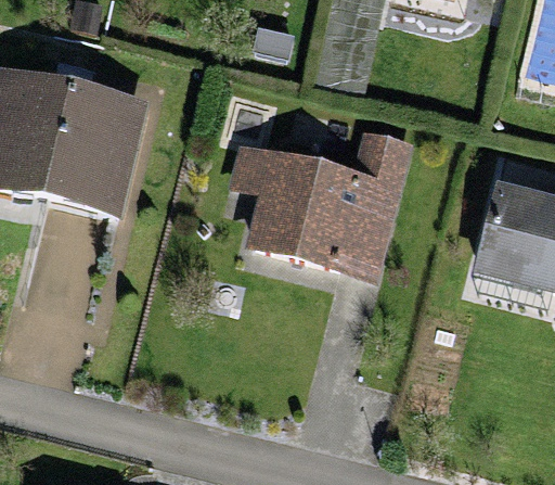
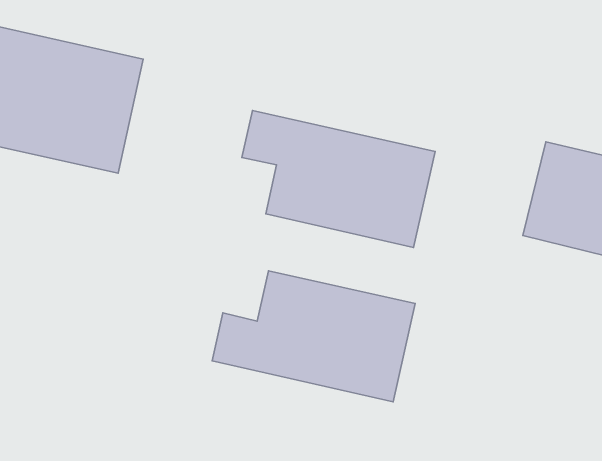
building: none -> [212,271,415,402]

